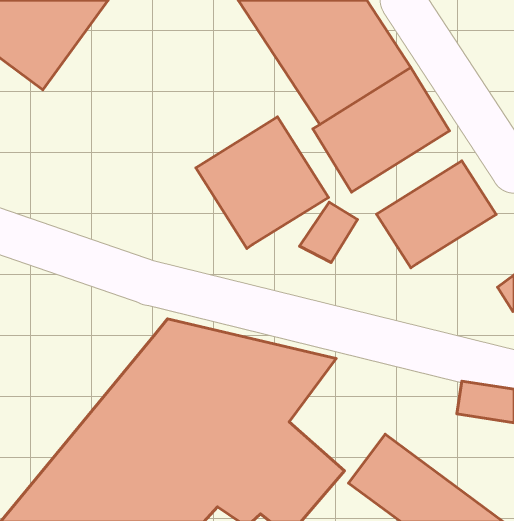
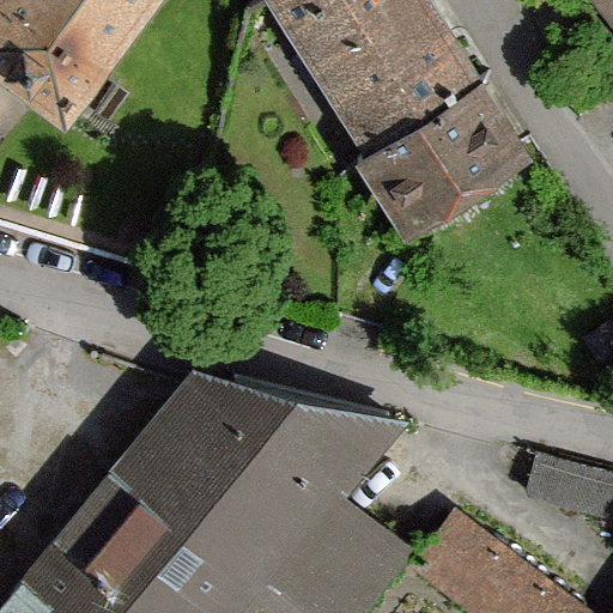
building: [196,117,329,249] -> none
building: [376,161,496,268] -> none

